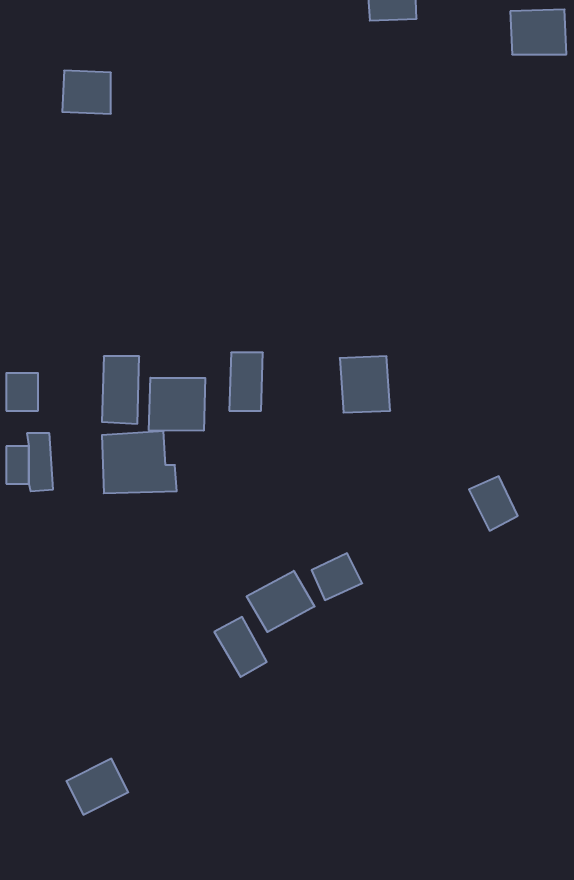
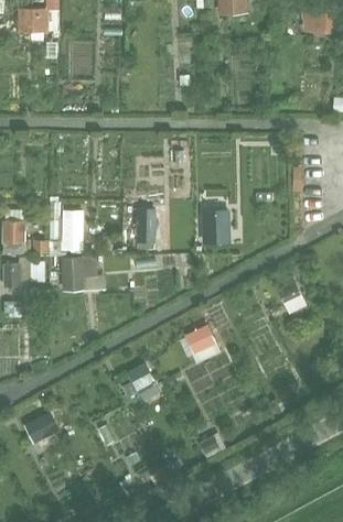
building: [62,71,111,114] -> [18,8,46,33]
building: [149,378,205,431] -> none
building: [247,571,315,632] -> none
building: [66,759,128,815] -> [23,410,60,443]

